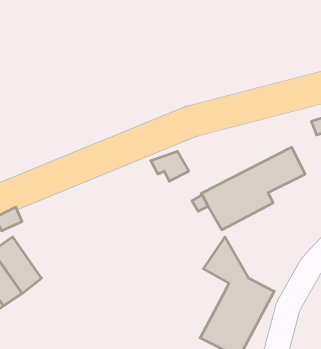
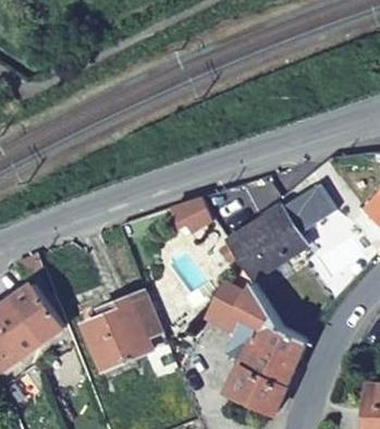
building: none -> [214,266,259,336]
building: none -> [78,285,159,364]

